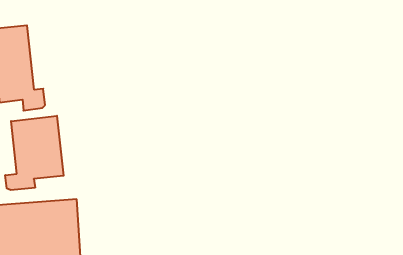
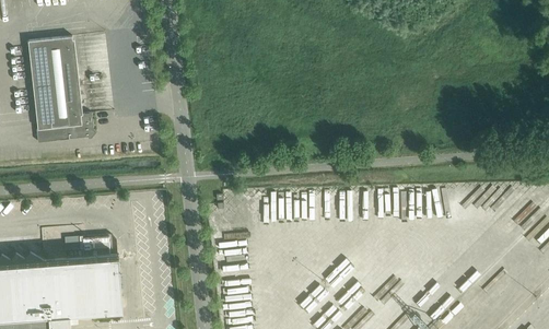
building: [5,116,64,190] -> none

